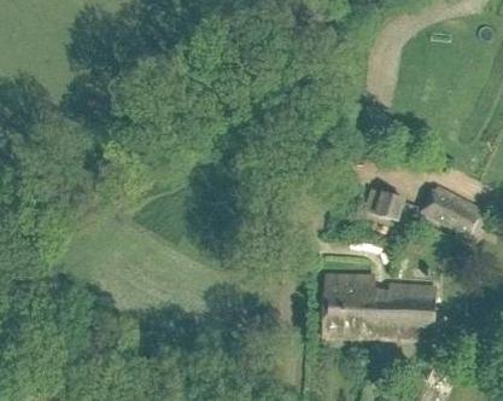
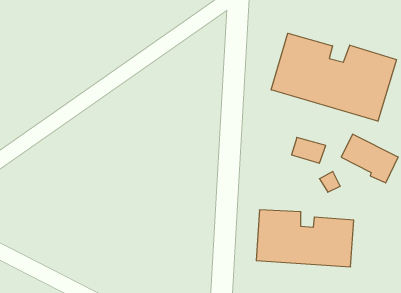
building: none -> [271,33,396,121]

